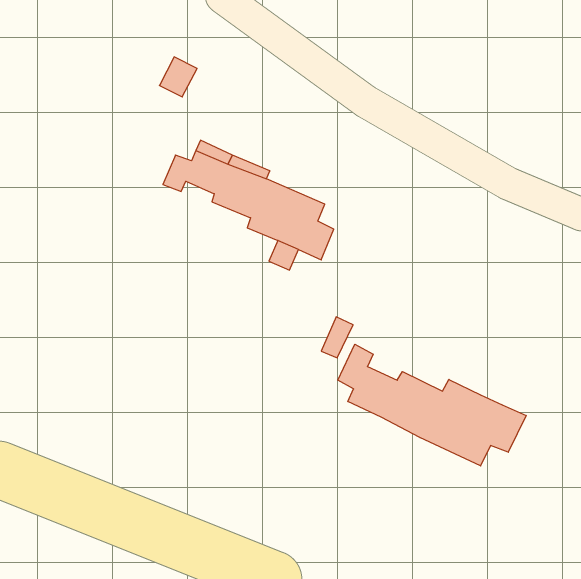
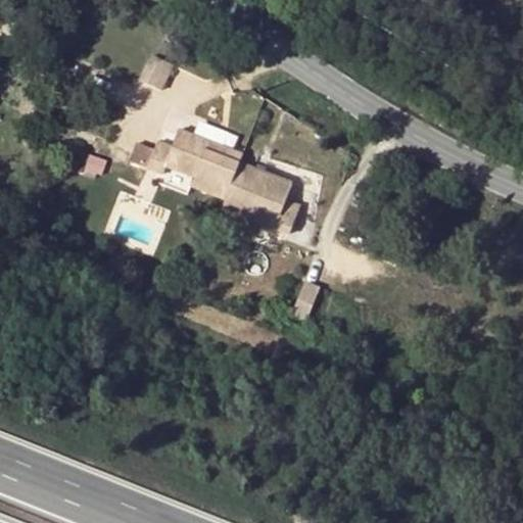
building: [338,344,526,466] -> none

